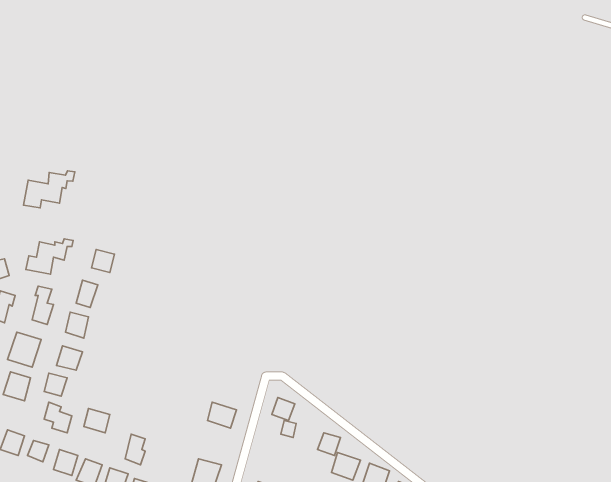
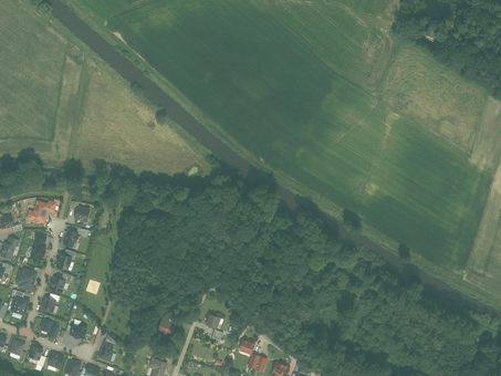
building: [23,171,75,208] -> none

